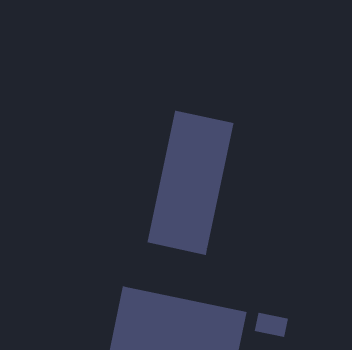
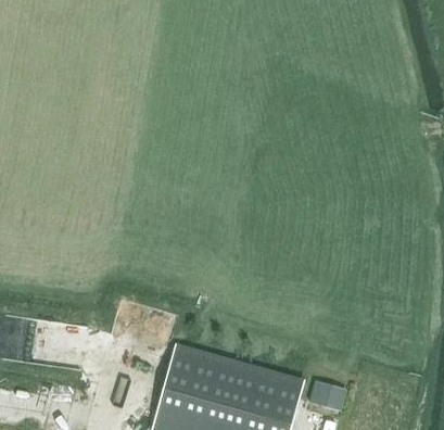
building: [147,110,234,256] -> none

